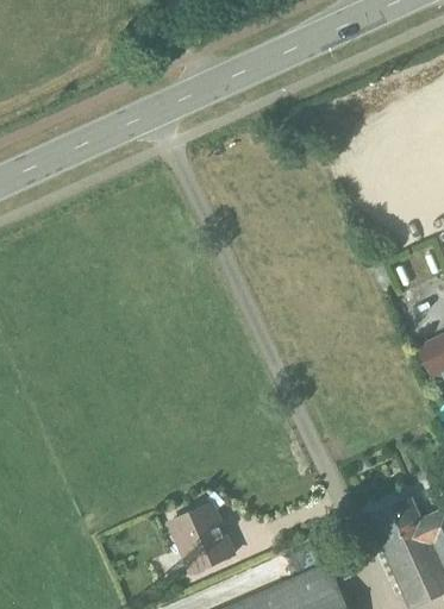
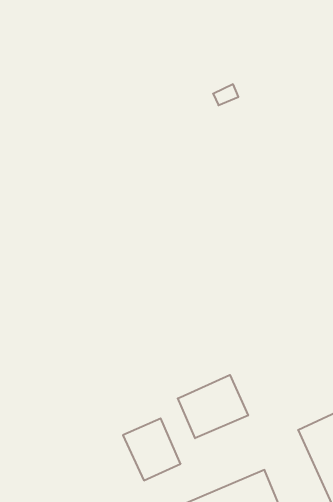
building: none -> [178,375,248,438]

